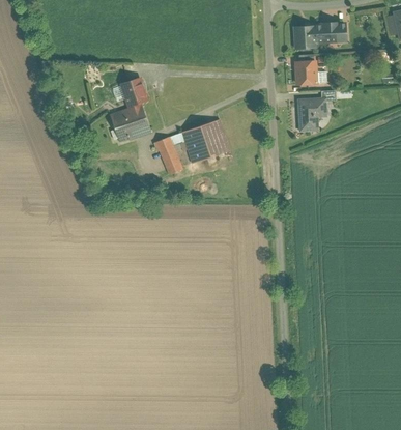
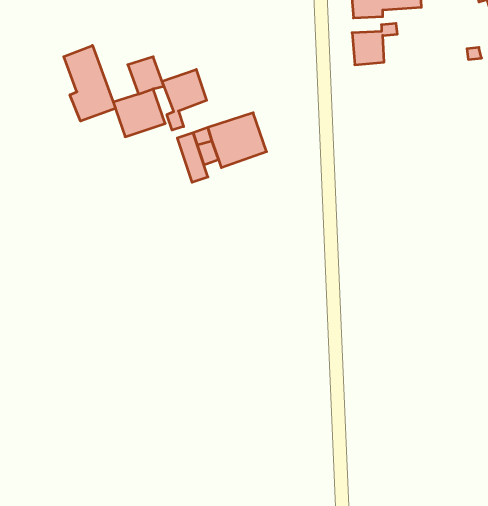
building: none -> [64,45,115,121]
building: none -> [162,69,207,130]
building: [296,89,351,131] -> none

